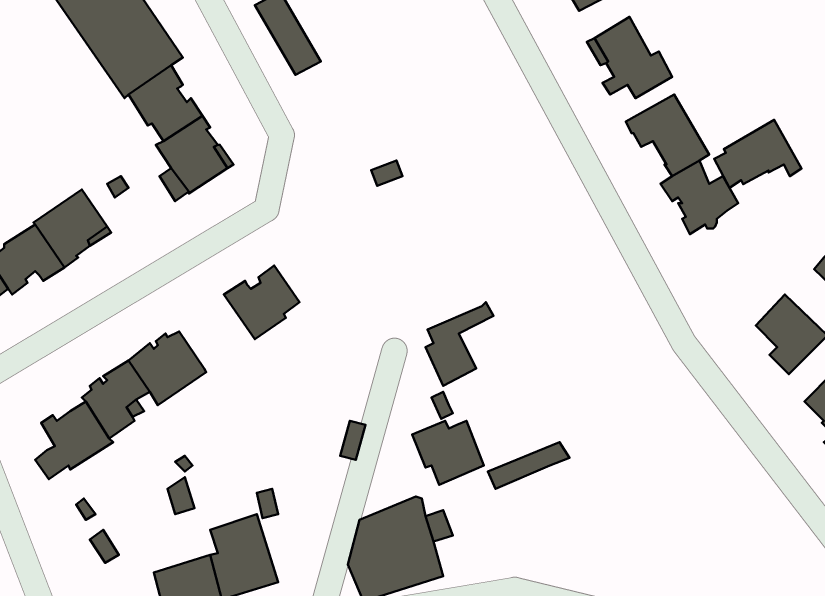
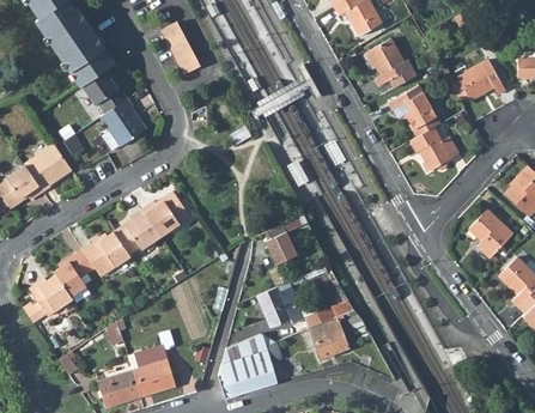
building: [714,120,801,188] -> [451,59,505,101]
building: none -> [114,208,160,254]
building: none -> [309,314,348,358]

